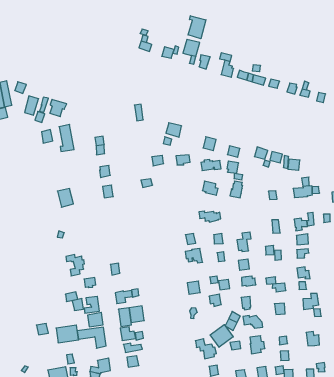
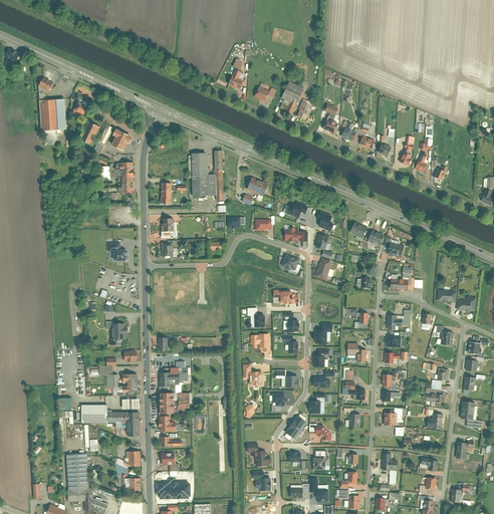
building: [188,16,206,39] -> none
building: none -> [191,153,215,195]
building: [210,325,233,347] -> none

